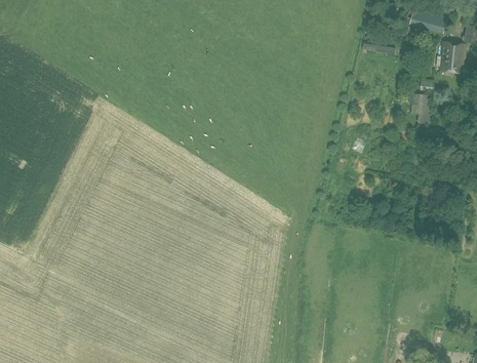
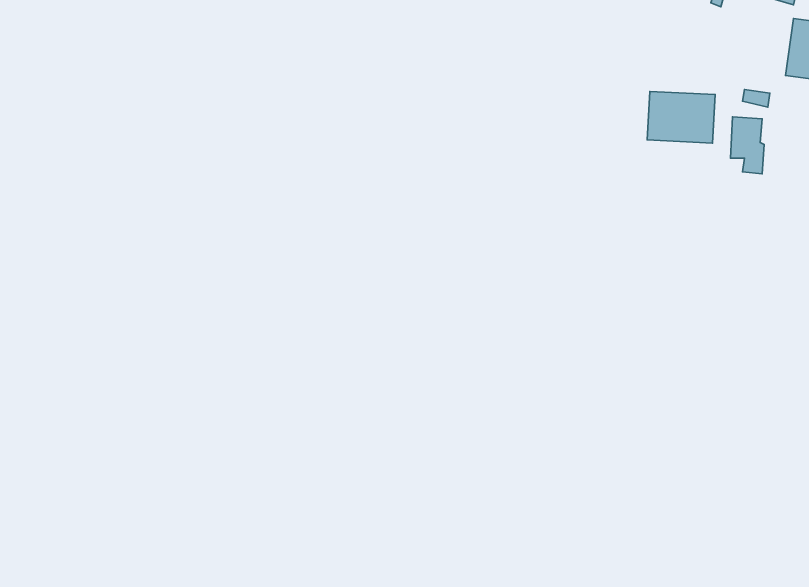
building: none -> [647,92,715,143]

